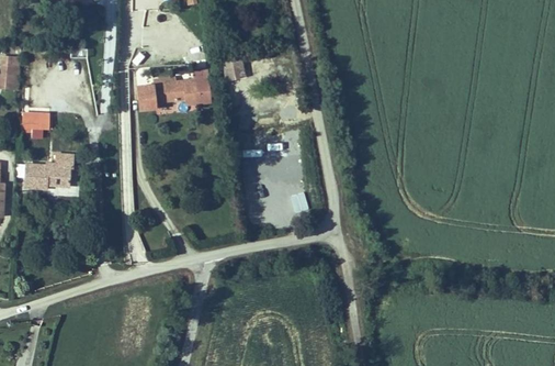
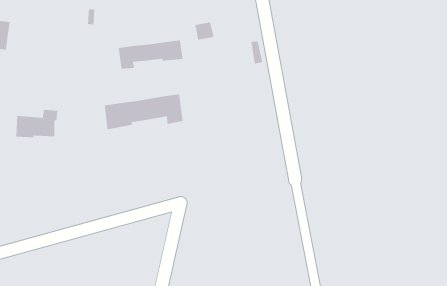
building: [21,111,48,132] -> none
building: none -> [104,94,184,130]

